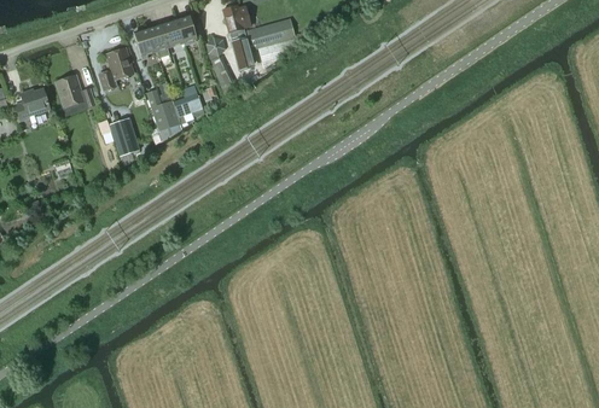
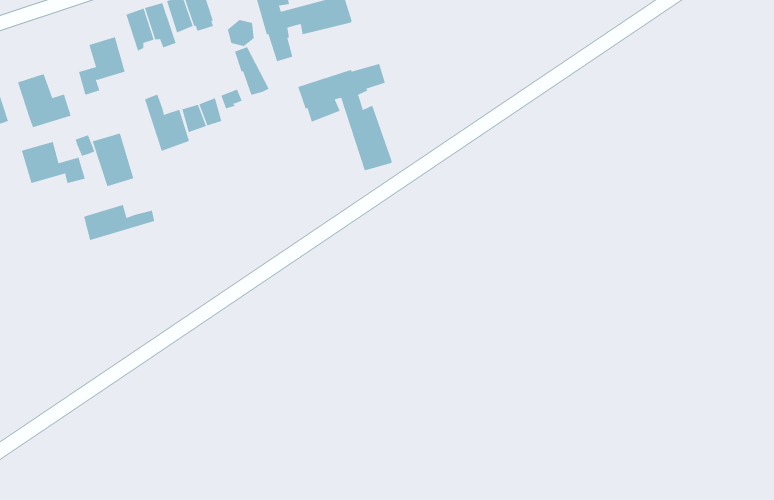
building: none -> [298,63,392,171]
building: none -> [21,141,85,184]
building: none -> [84,204,155,241]

